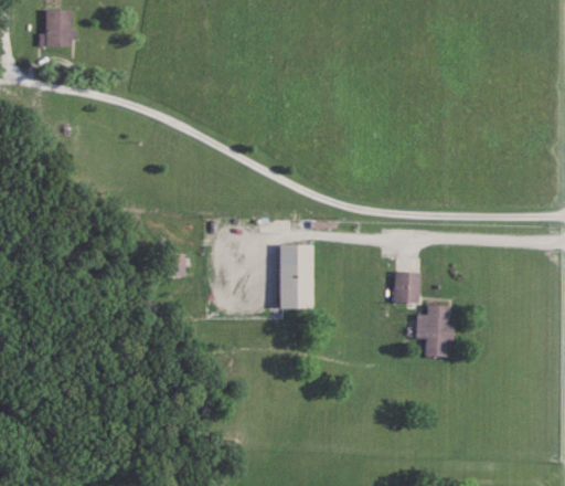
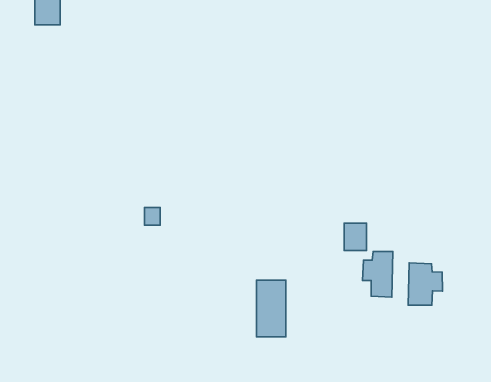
building: [280,244,313,308] -> [257,280,286,337]
building: none -> [408,263,442,305]

